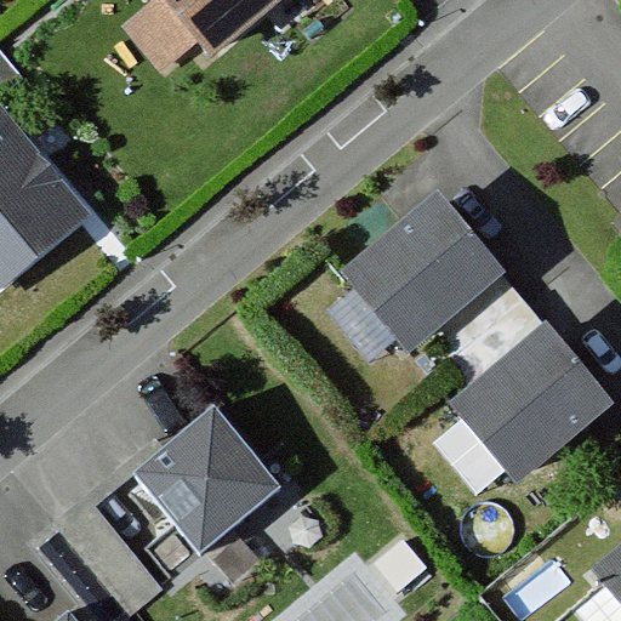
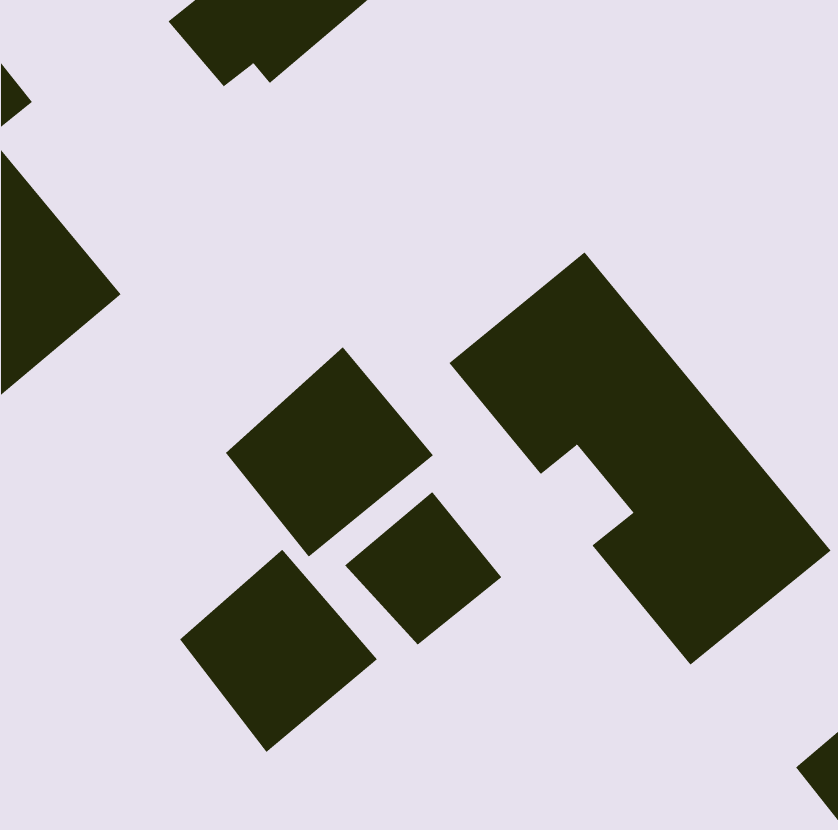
building: none -> [225,347,434,557]
building: none -> [344,491,502,646]

